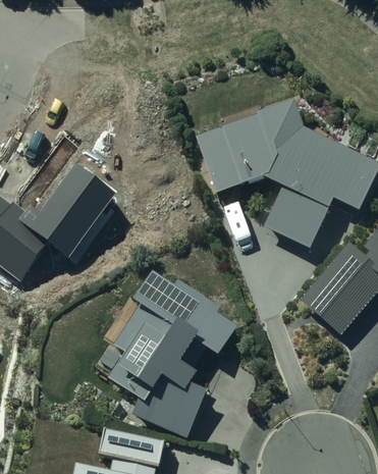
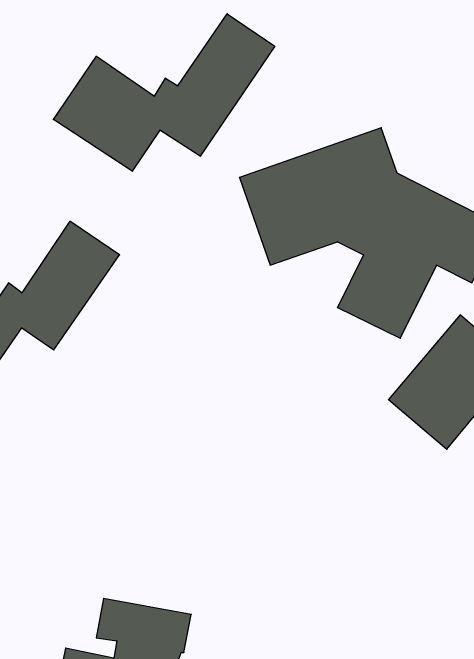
building: none -> [53,14,275,171]
building: [108,262,237,431] -> none

